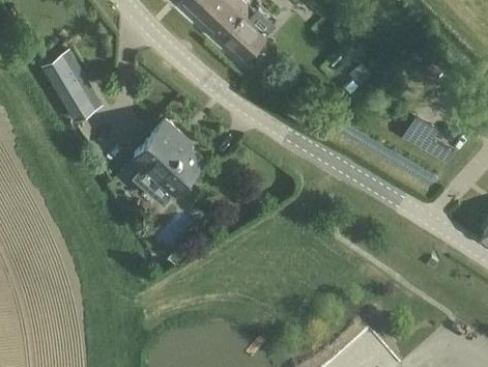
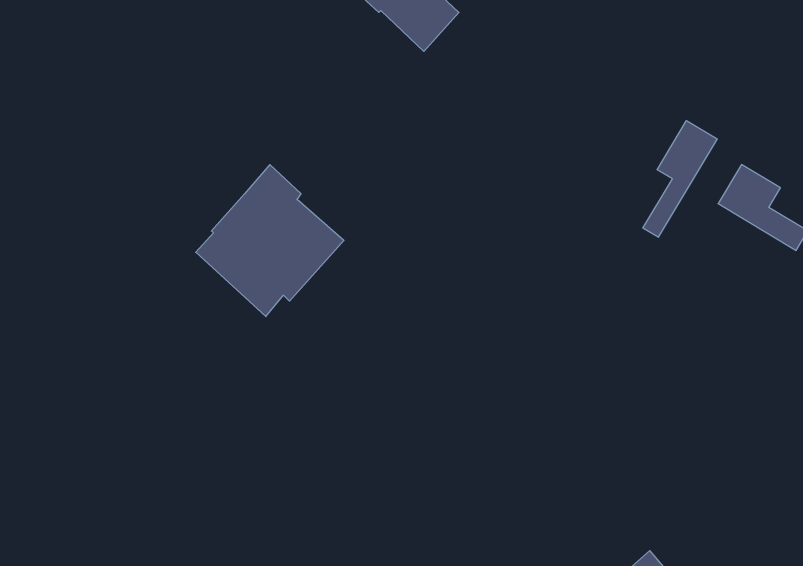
building: [44,54,96,121] -> none
building: none -> [643,121,717,237]

